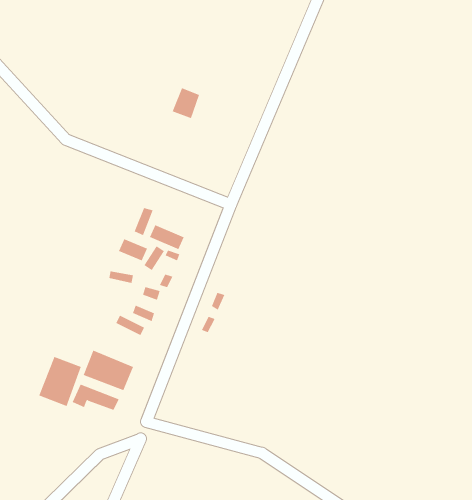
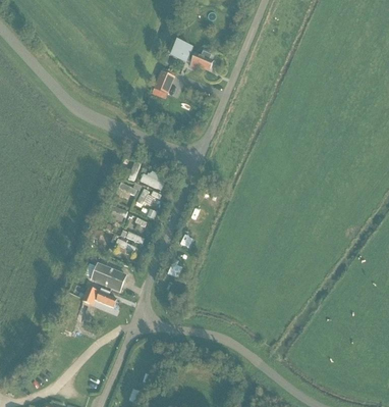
building: none -> [167,40,215,71]
building: [38,356,82,407] -> none

